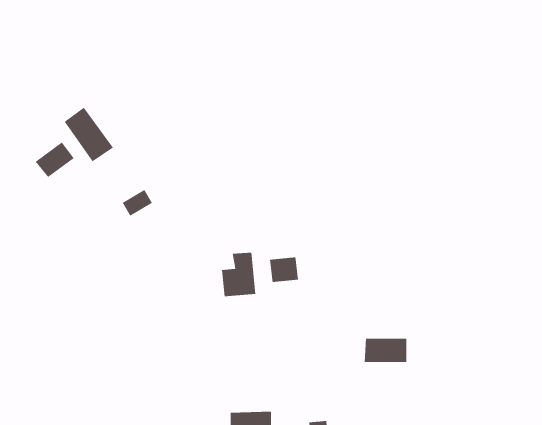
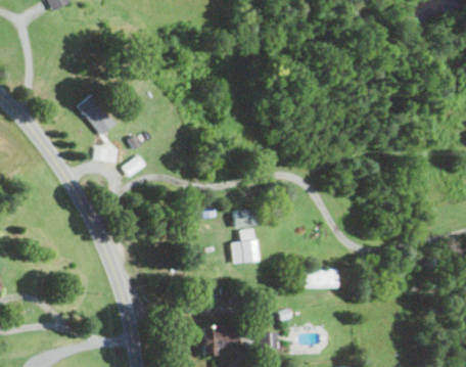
building: [35,142,74,178] -> none
building: [221,252,256,297] -> [231,229,258,263]

